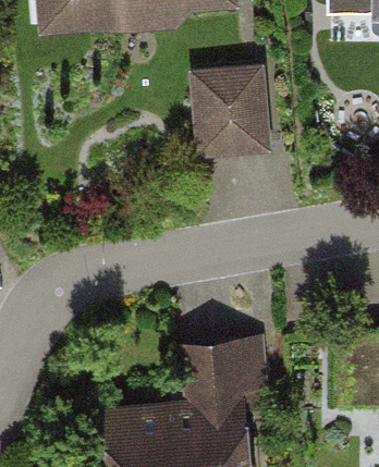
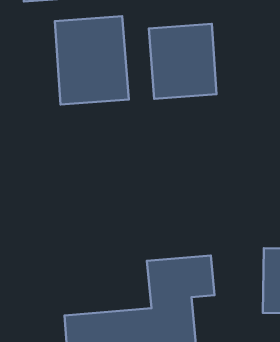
building: none -> [55,16,129,104]

